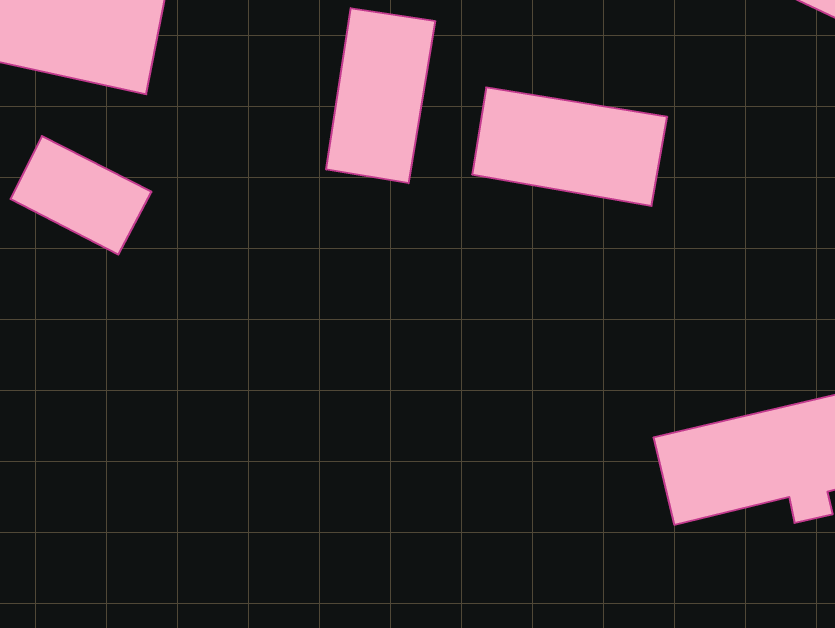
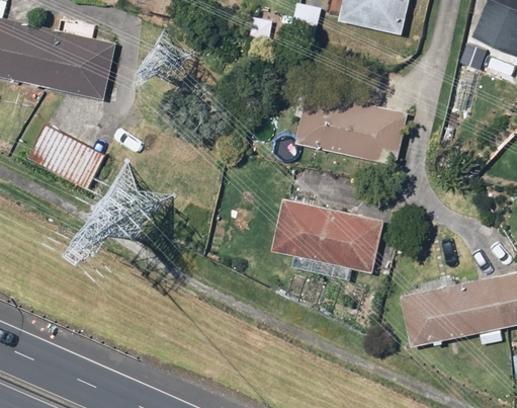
building: [326,8,435,183] -> none
building: none -> [270,198,384,274]

